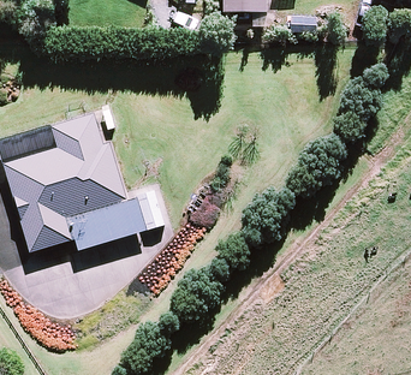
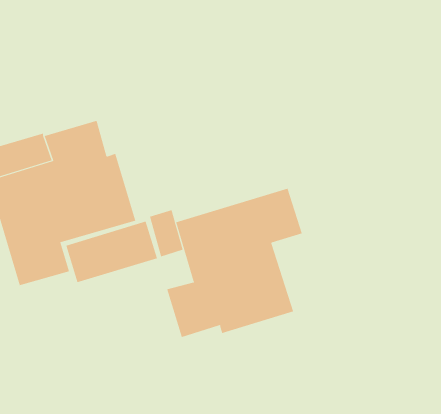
building: none -> [166,188,303,338]

